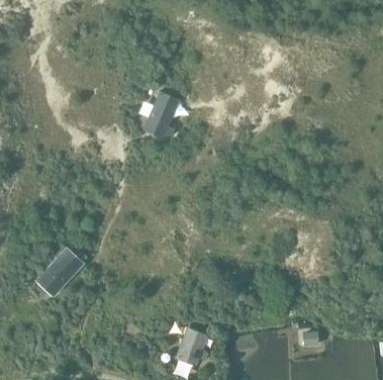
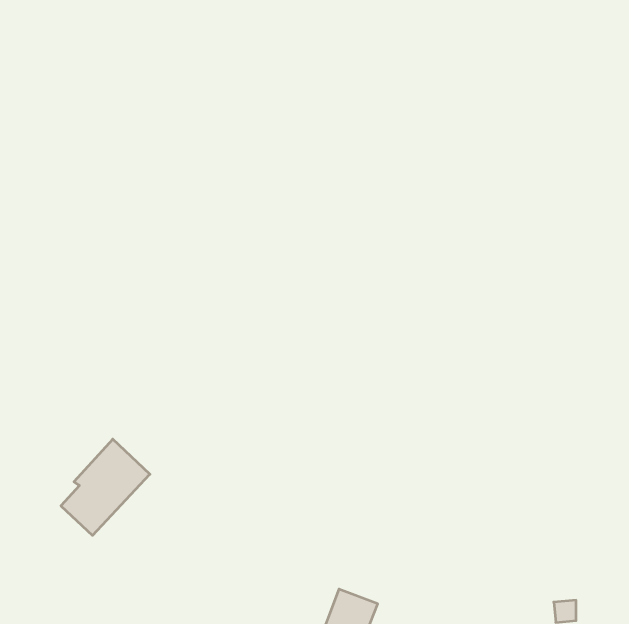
building: [142,92,180,139] -> none

